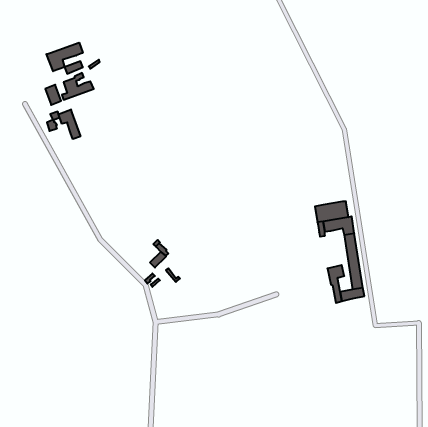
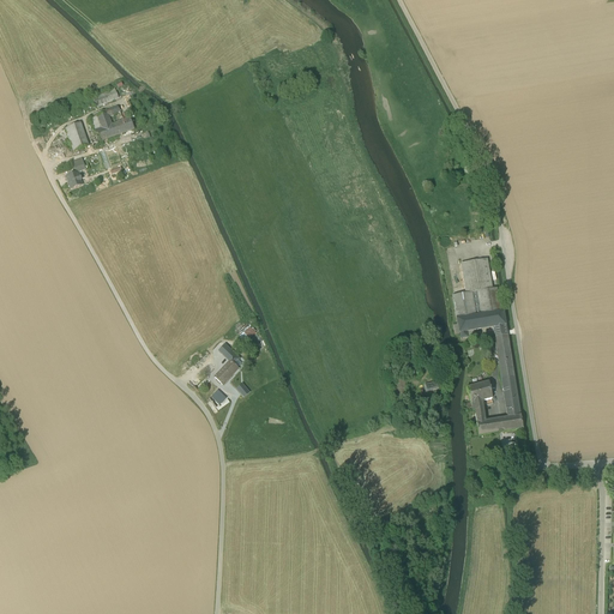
building: [46,43,83,71] -> none
building: [59,109,80,139] -> none
building: none -> [459,258,490,293]

